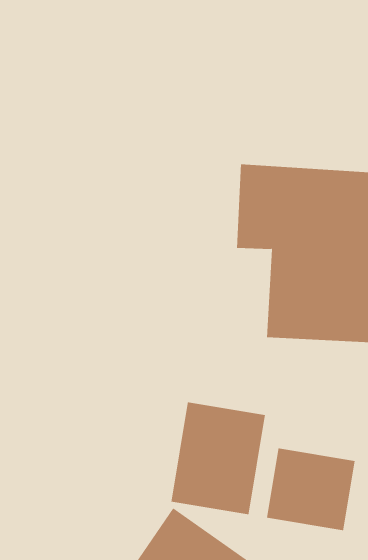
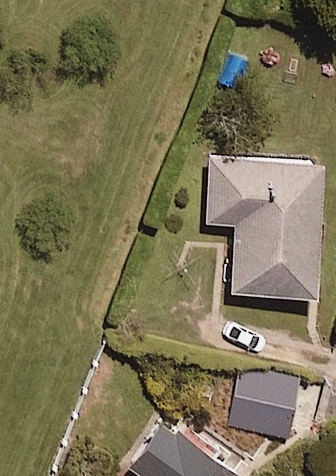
building: [171,402,266,515] -> none

